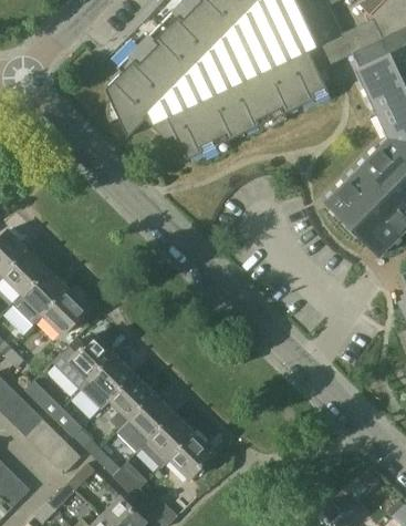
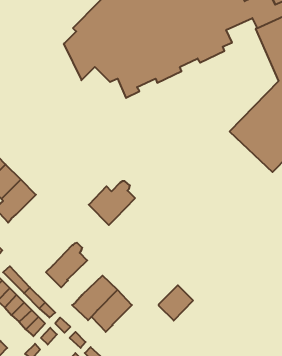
building: [43,288,89,333] -> none
building: [55,332,116,390] -> [89,181,135,225]
building: [110,374,156,430] -> none
building: [169,433,215,479] -> [159,285,193,321]

